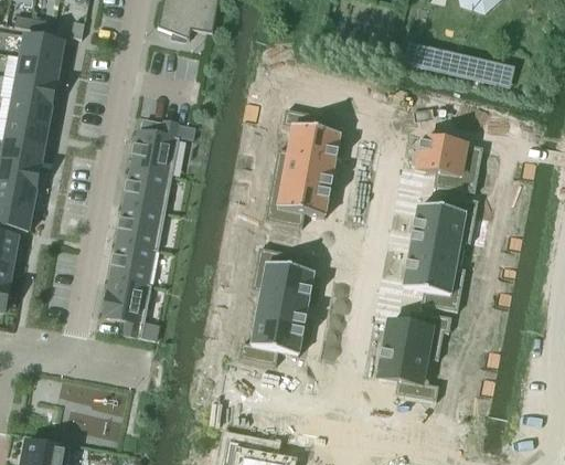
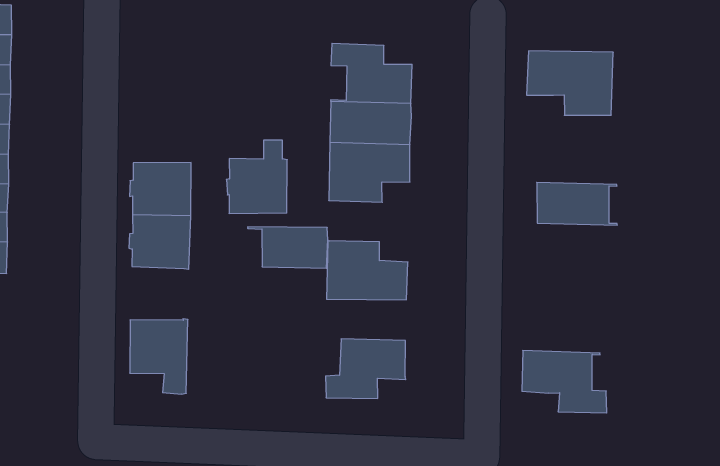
building: [130,120,178,175] -> [226,140,287,213]
building: [413,193,477,241] -> none
building: [109,241,153,285] -> none
building: [403,258,465,310] -> none
building: [250,287,307,326] -> [248,227,328,268]
building: [383,310,450,358] -> none

